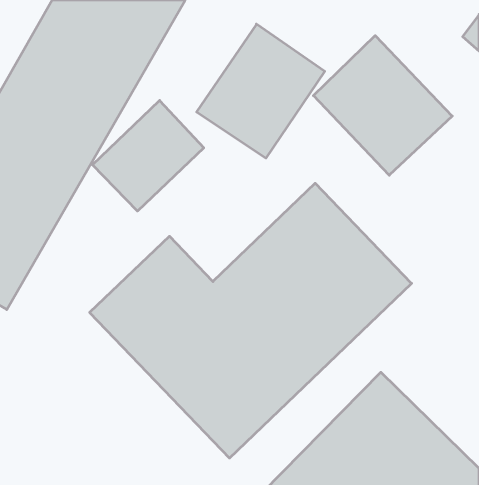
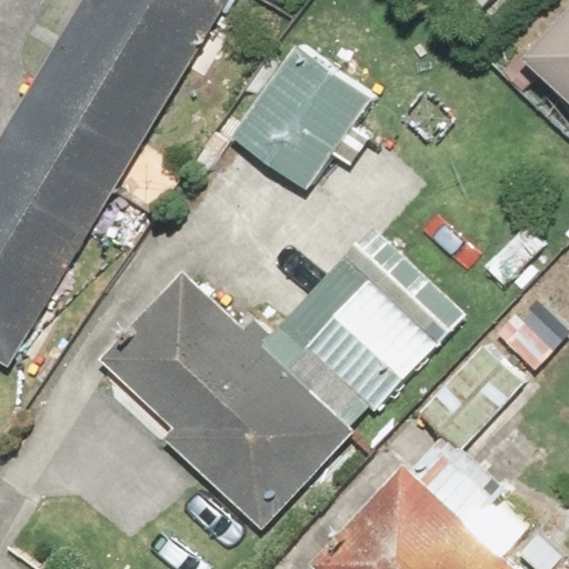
building: [313,36,452,175] -> none
building: [92,100,204,211] -> none

